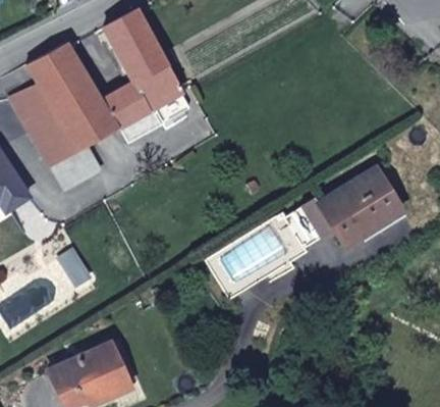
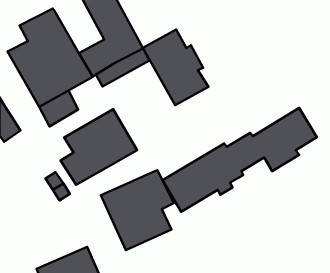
building: none -> [143,30,208,105]
building: none -> [60,109,137,185]
building: none -> [101,170,174,250]

